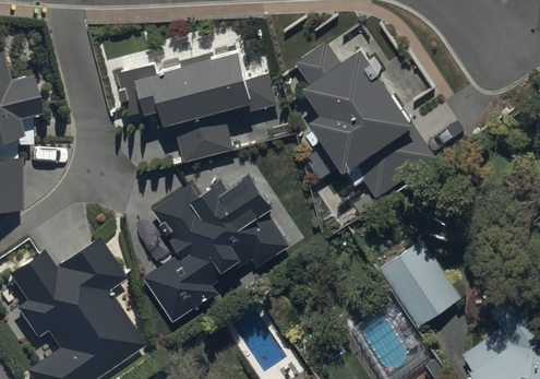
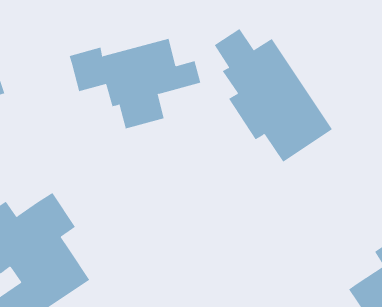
building: [144,178,291,323] -> none
building: [379,238,460,325] -> none

